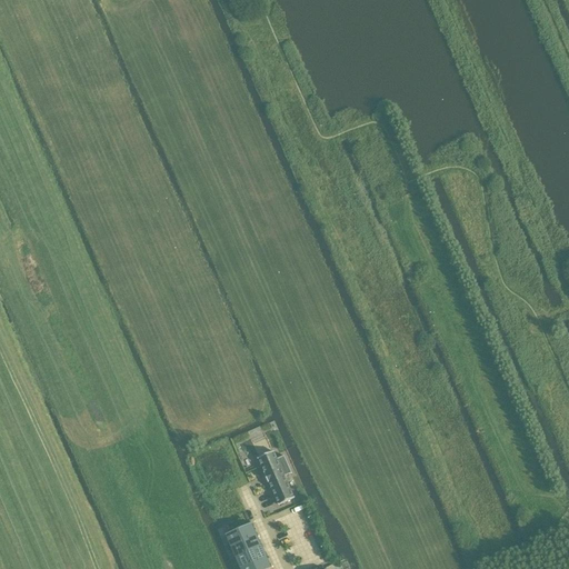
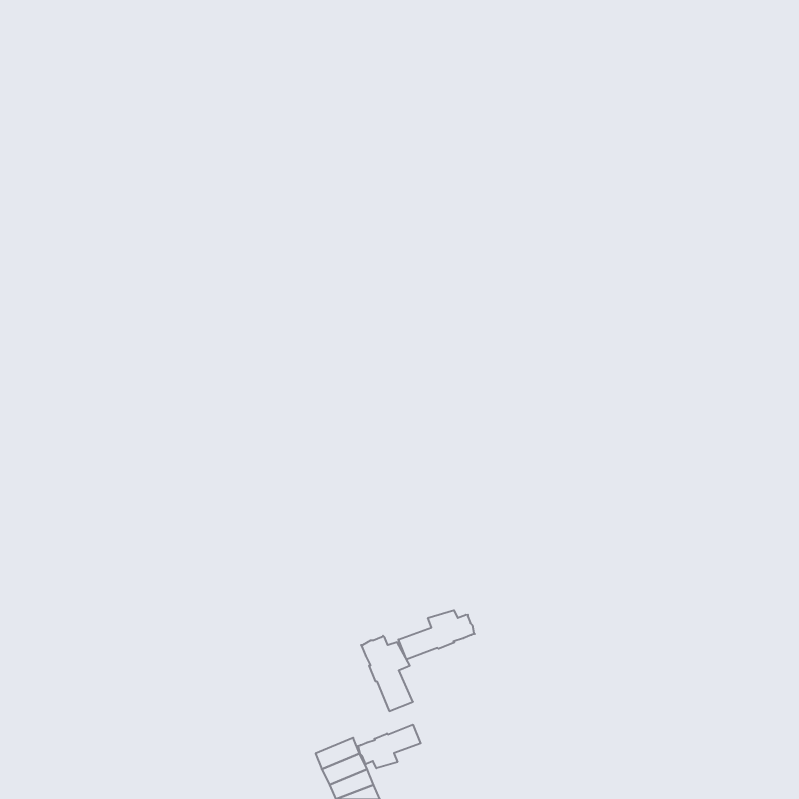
building: none -> [398,610,475,660]
building: none -> [358,725,421,768]

